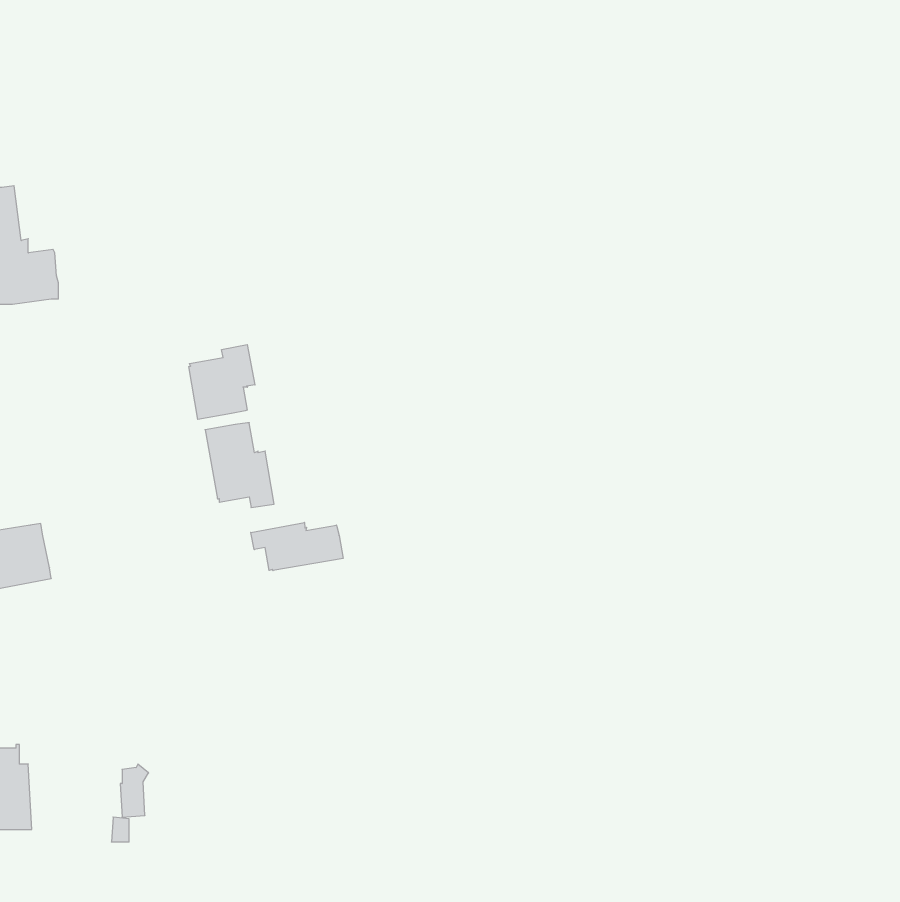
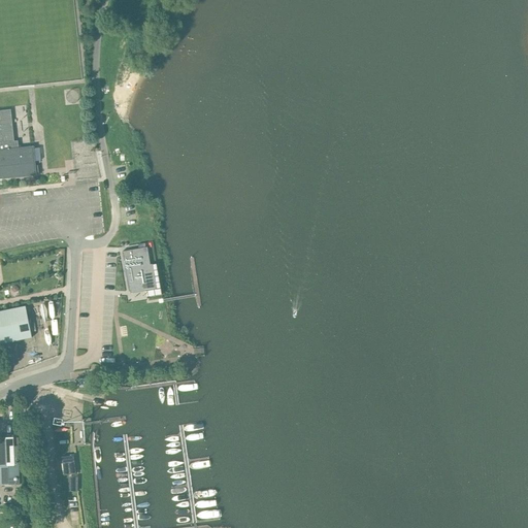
building: [189,345,255,419] -> none
building: [251,522,343,571] -> none

